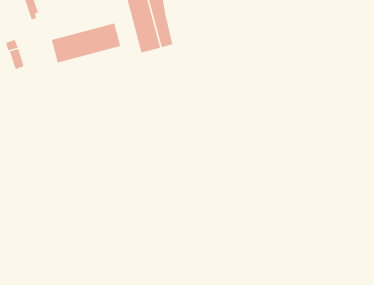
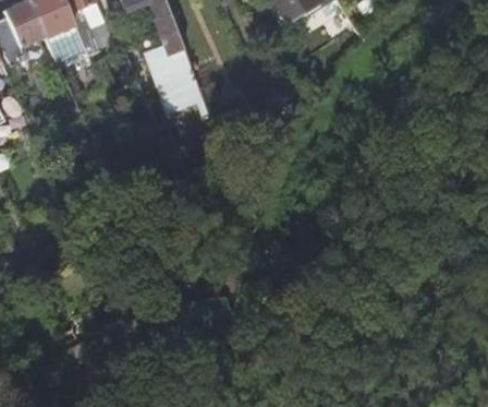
building: [51,22,121,63] -> none

